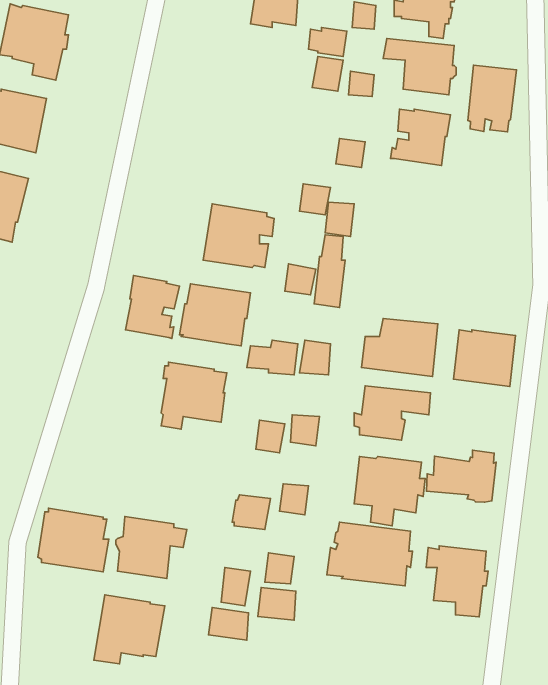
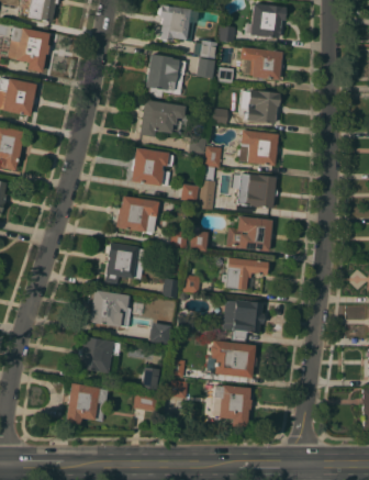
building: none -> [146,54,186,98]
building: [468,65,516,132] -> none
building: none -> [138,100,186,137]
building: none -> [239,130,278,166]
building: [125,276,179,339] -> none
building: [454,330,515,386] -> [238,174,276,208]
building: [426,450,496,502] -> none
building: [38,508,109,572] -> [89,290,132,328]
building: [426,546,488,617] -> [214,384,251,427]

